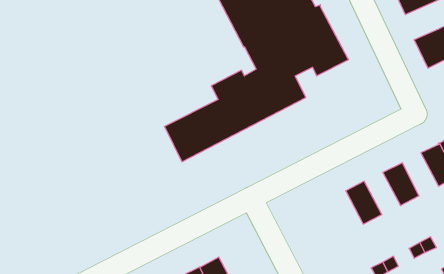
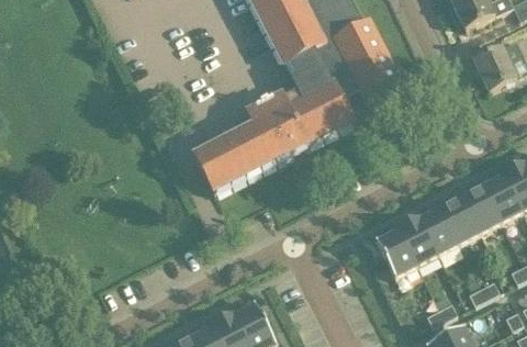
building: none -> [461,183,502,232]
building: none -> [418,205,459,253]
building: none -> [375,226,417,276]

